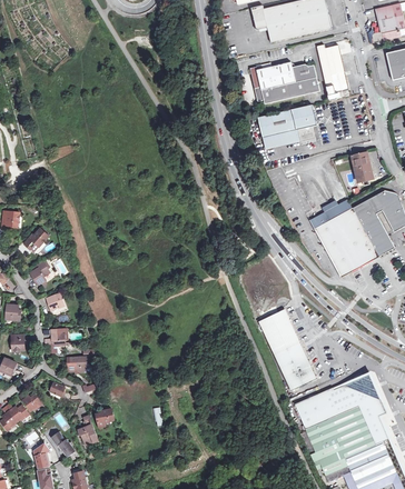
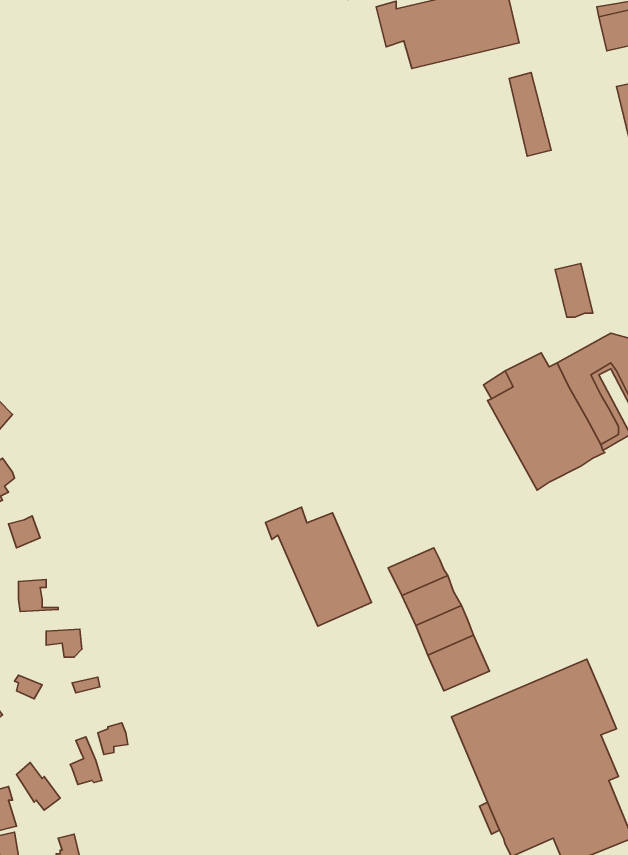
building: [251,61,322,103] -> none
building: [256,103,315,149] -> none
building: none -> [265,507,371,626]

